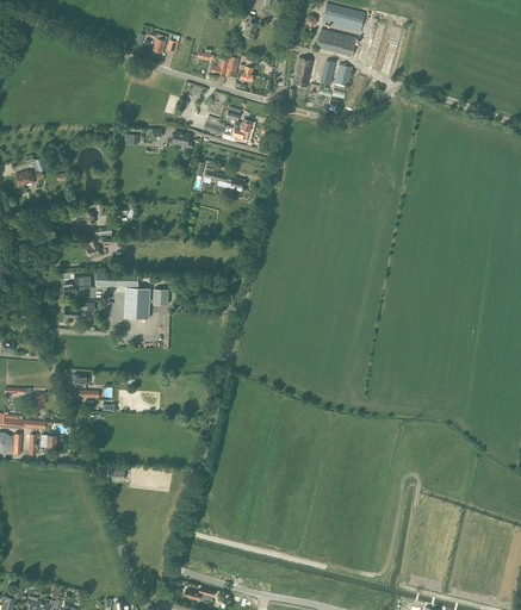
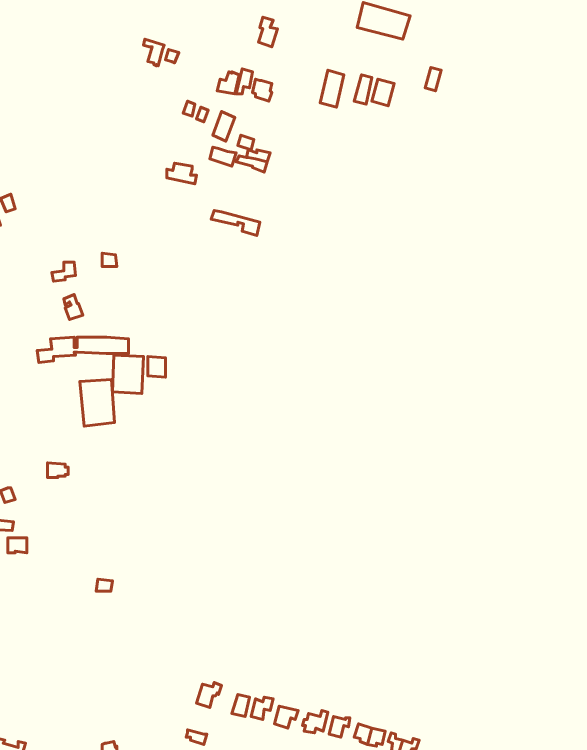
building: [317,29,356,56] -> none
building: none -> [80,379,115,426]

